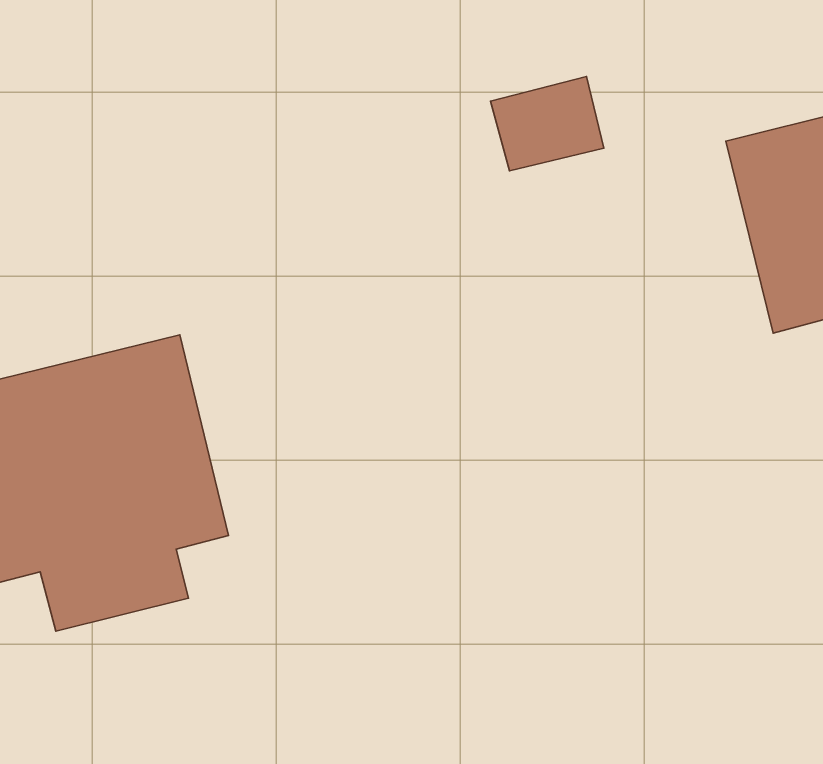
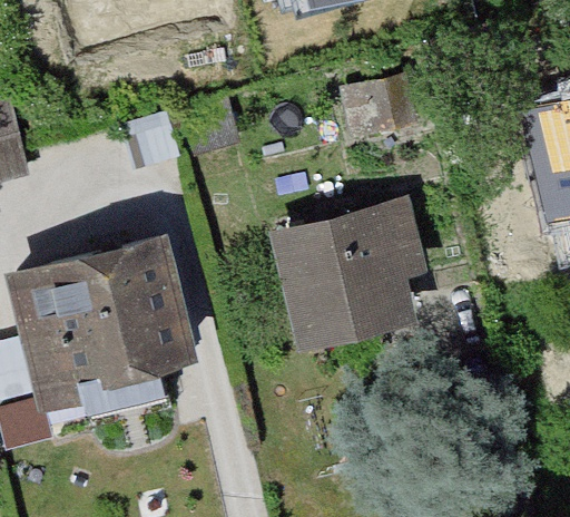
building: none -> [261,199,422,363]

